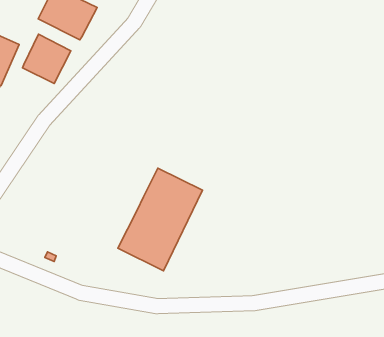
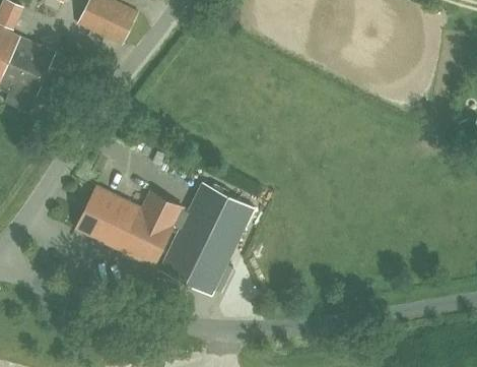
building: [22,34,71,84] -> none
building: none -> [76,187,189,265]

